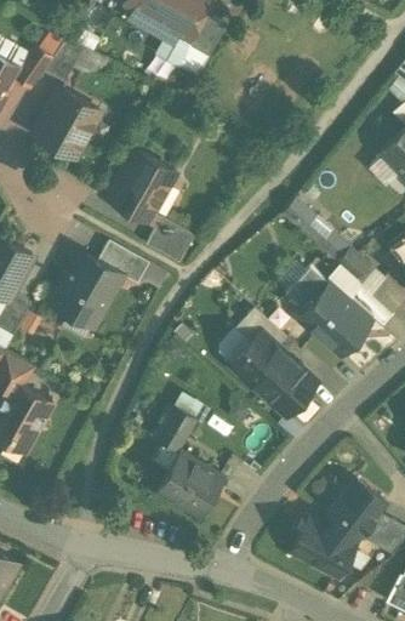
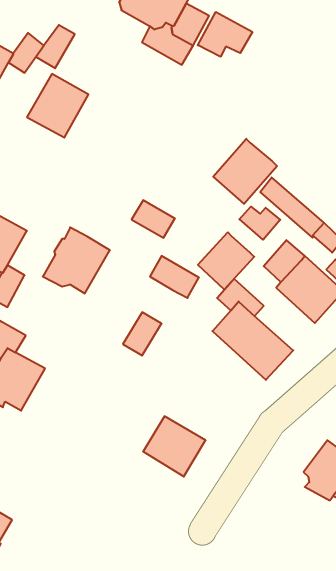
building: none -> [198,12,252,57]
building: [114,150,176,221] -> none
building: none -> [213,139,277,204]
building: none -> [239,207,280,240]
building: [98,240,150,285] -> [150,256,199,298]
building: none -> [198,232,254,289]
building: [155,406,196,452] -> [123,312,162,355]
building: [292,519,356,577] -> none

